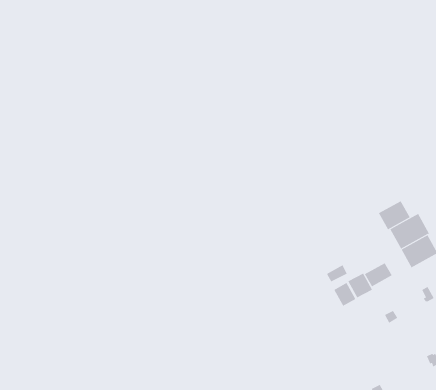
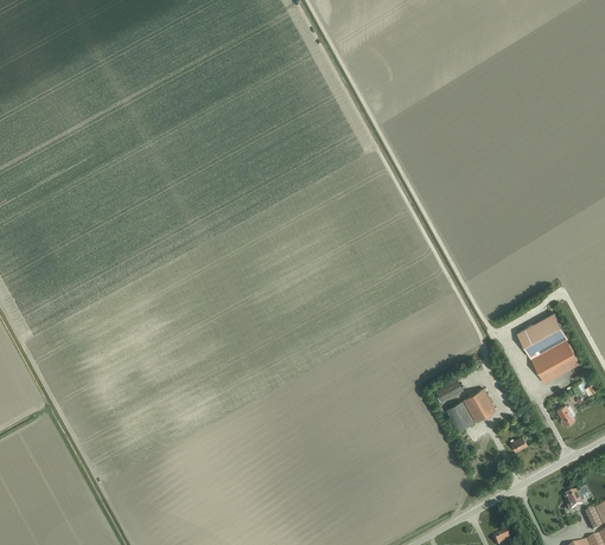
building: [378,200,410,230] -> none
building: [364,262,393,287] -> none

